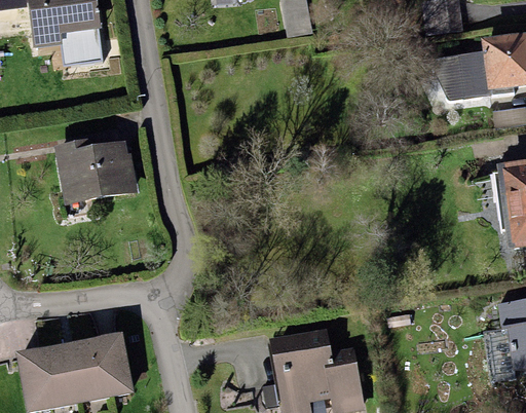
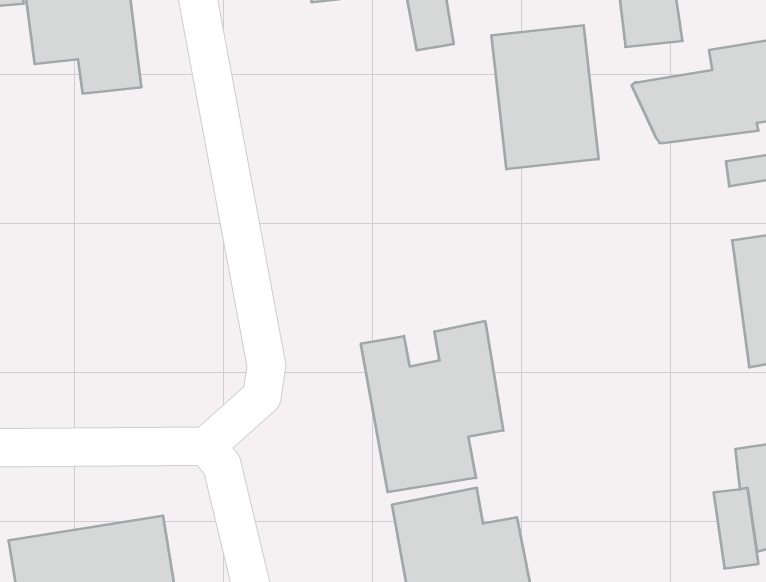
building: none -> [492,25,598,169]
building: [53,137,138,204] -> none
building: none -> [361,321,503,492]

